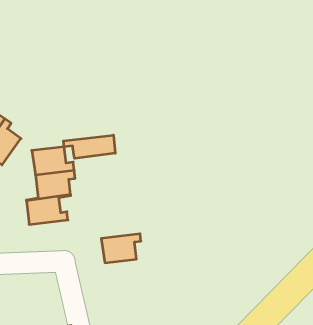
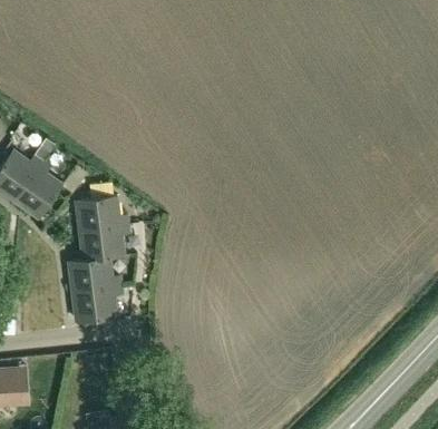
building: [63,135,115,158] -> none
building: [101,234,141,263] -> [72,286,121,322]

